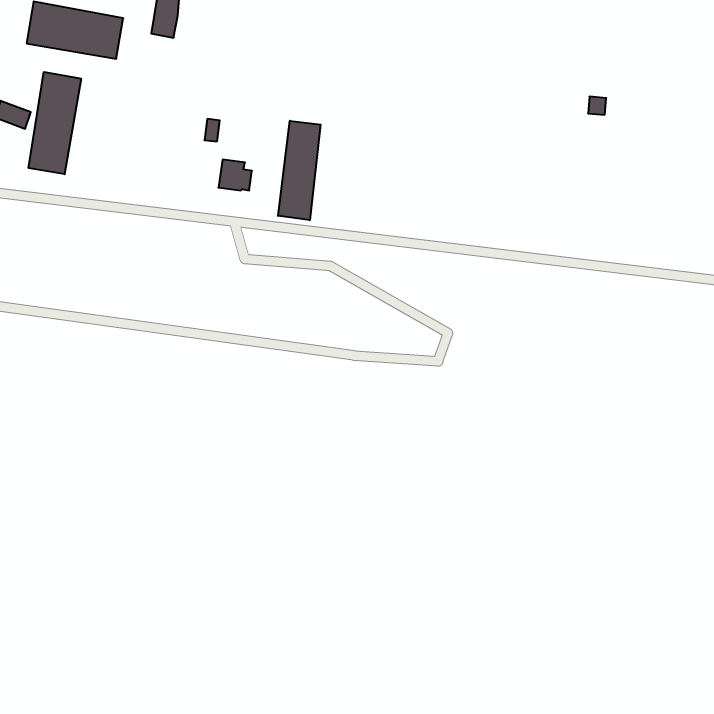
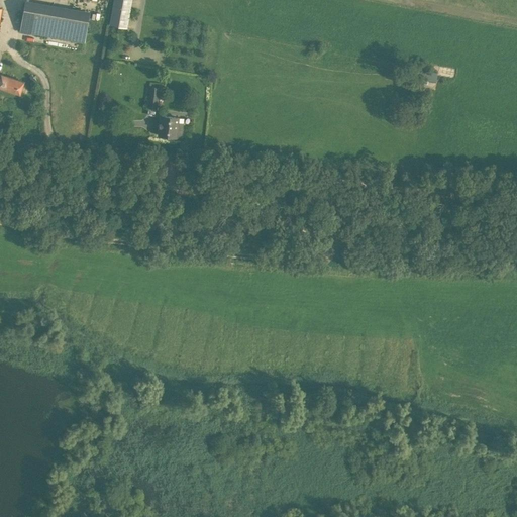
building: [29,72,81,174] -> none
building: [278,121,321,220] -> none

